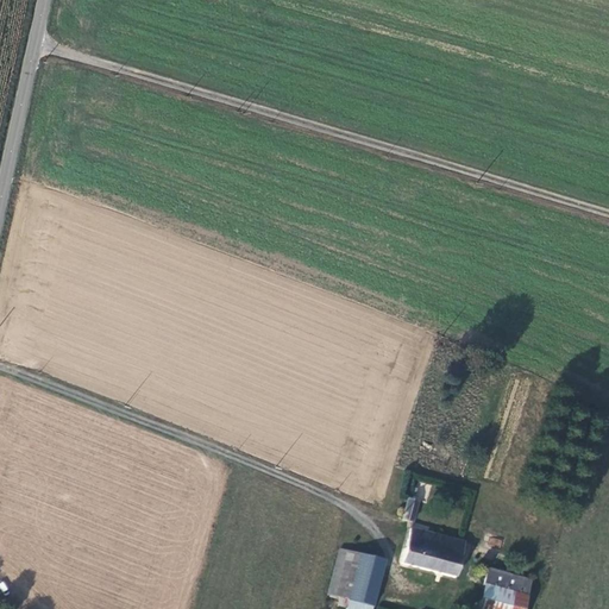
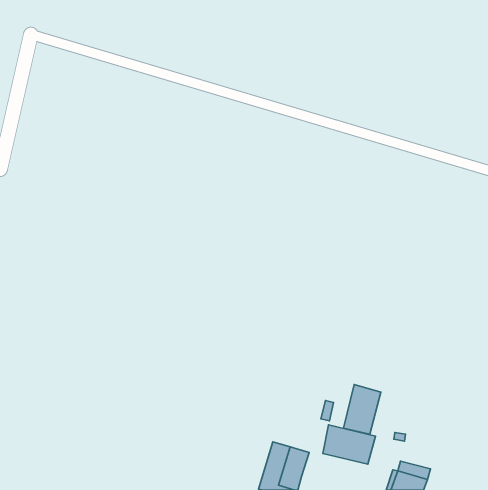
building: none -> [343,385,381,434]

